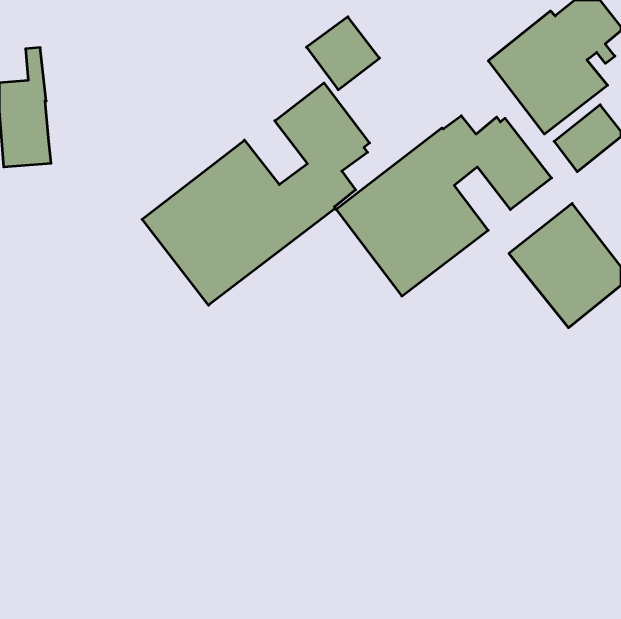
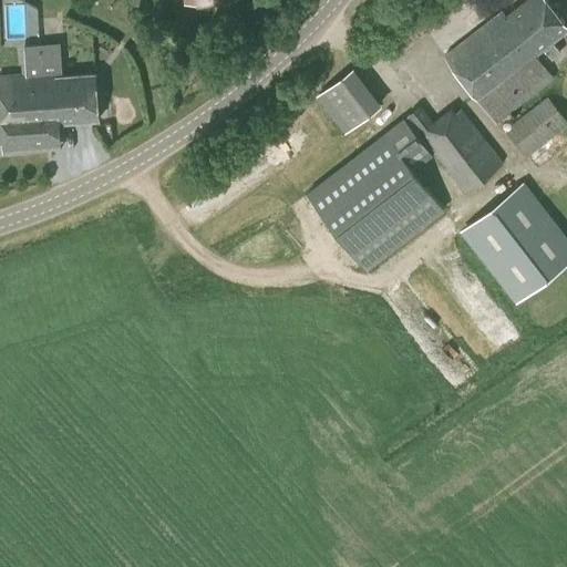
building: [306,17,380,90] -> [313,68,380,134]
building: none -> [37,44,99,132]
building: [142,83,370,305] -> none

